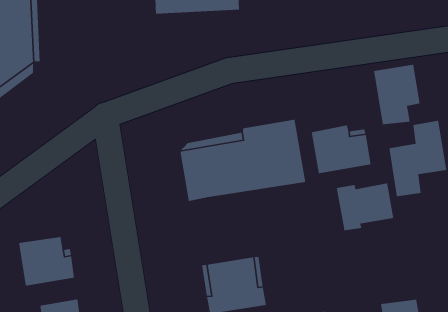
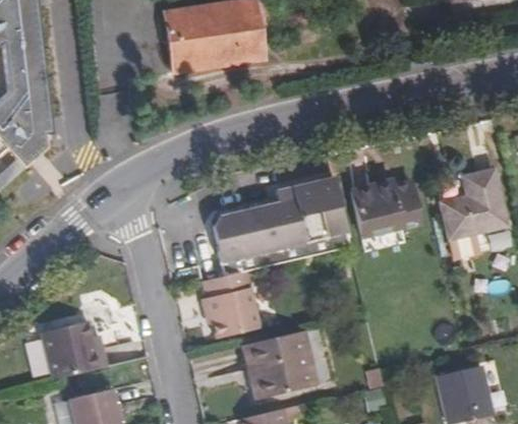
building: [373,64,420,125] -> none
building: [336,182,394,231] -> none
building: none -> [199,269,257,338]

